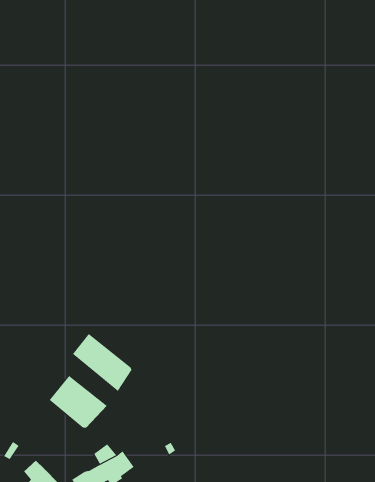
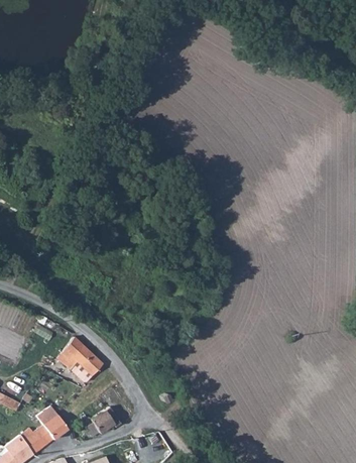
building: [72,333,132,392] -> none

